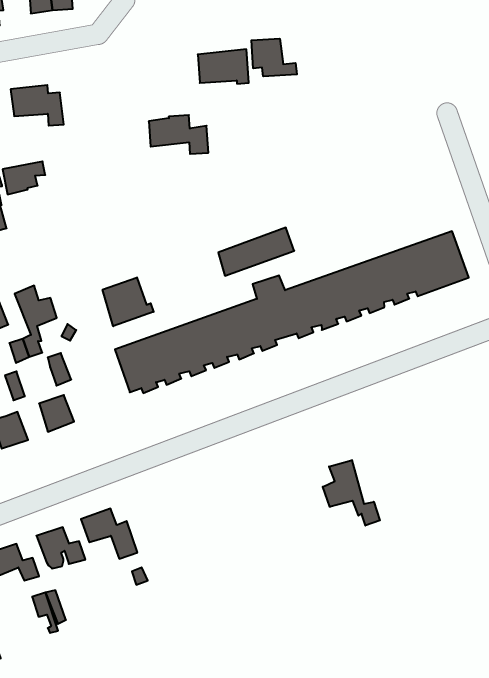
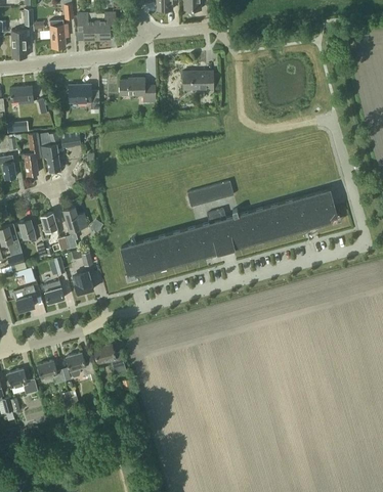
building: [251,39,297,76] -> none
building: [149,115,208,154] -> [120,79,155,102]
building: [103,277,154,326] -> none
building: [323,460,380,526] -> none

